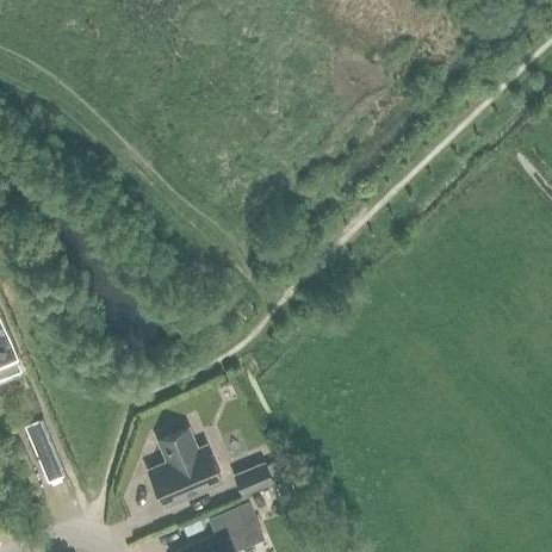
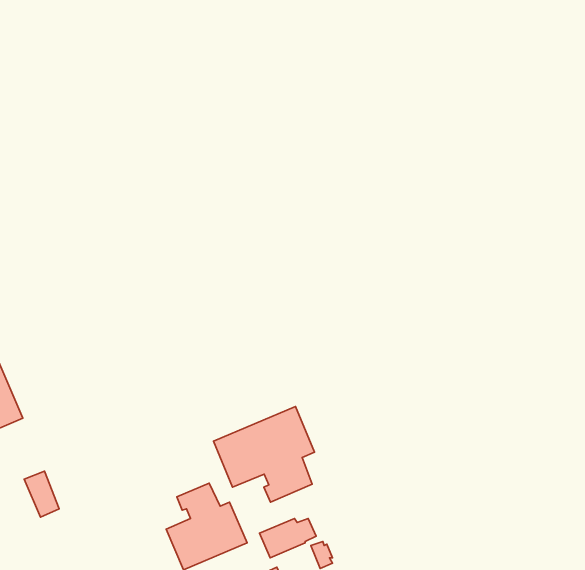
building: none -> [214,406,314,502]

